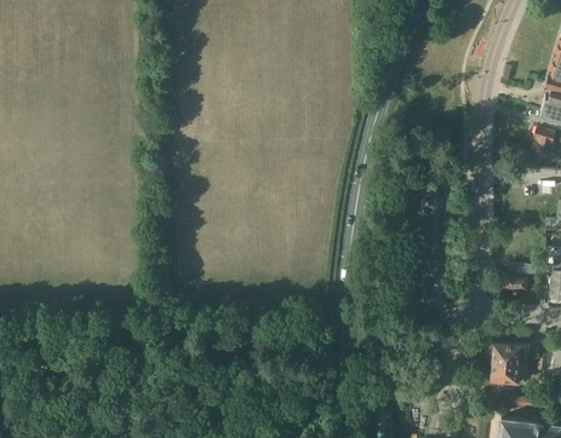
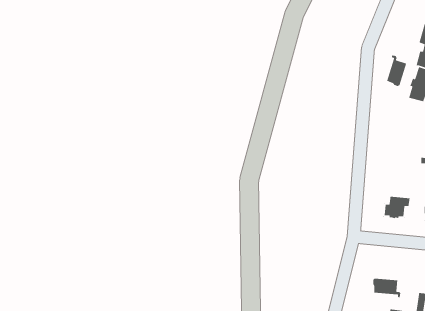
building: none -> [386,55,407,87]
building: [491,346,528,368] -> none

